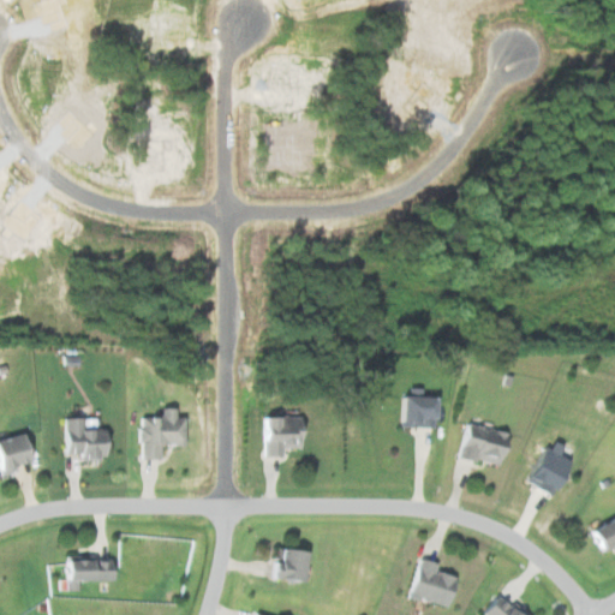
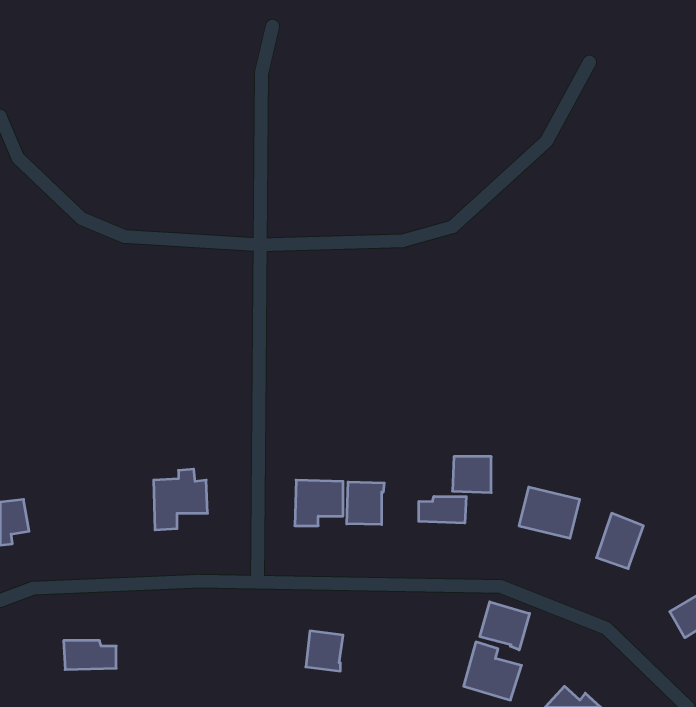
building: [65,417,112,460] -> none
building: none -> [347,482,384,525]
building: none -> [419,496,466,523]
building: none -> [480,602,530,650]

